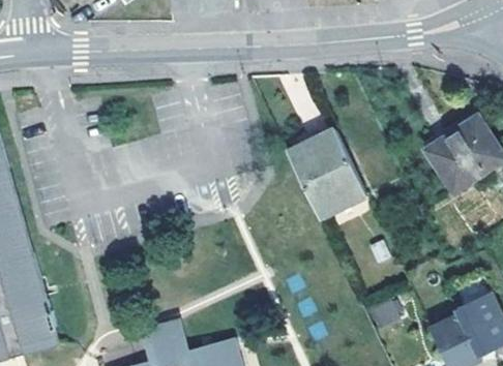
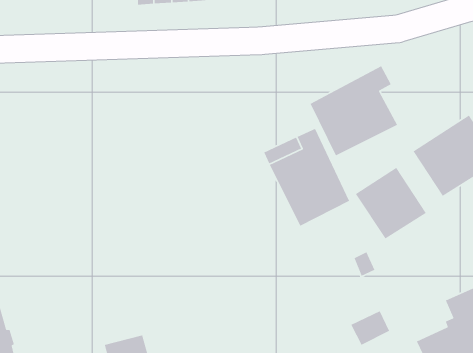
building: none -> [310,65,398,157]
building: none -> [355,167,427,240]

